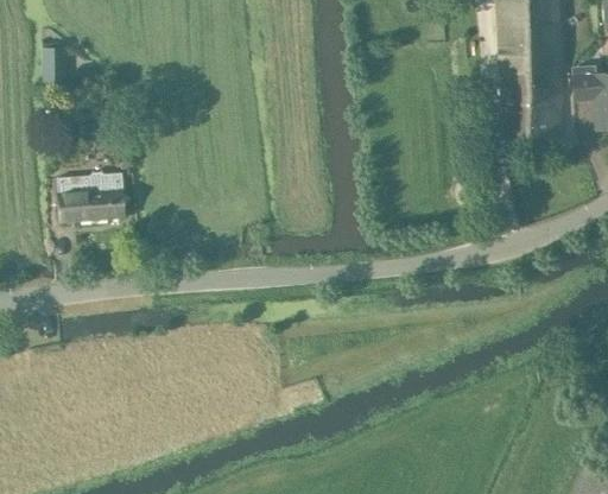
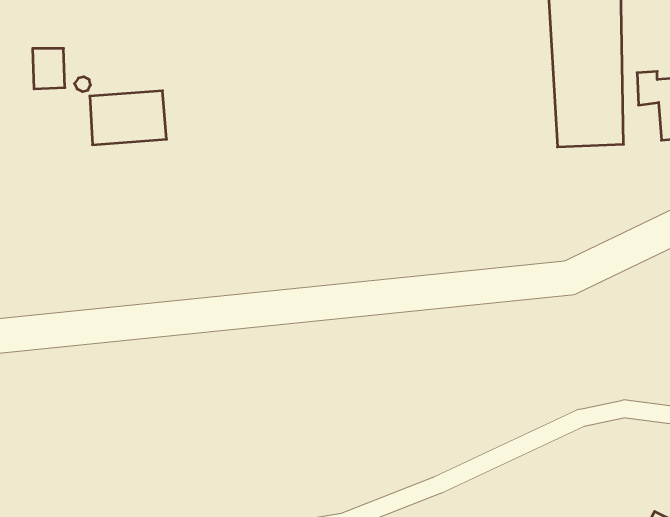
building: [57,173,125,221] -> [90,91,167,145]

